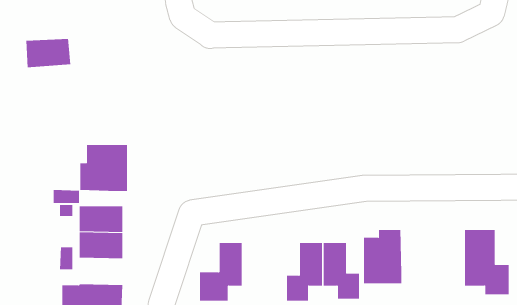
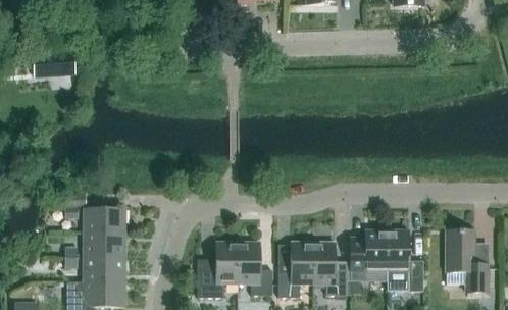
building: [80,144,127,192] -> none
building: none -> [386,230,423,292]
building: none -> [237,243,271,296]
building: none -> [83,257,124,282]

